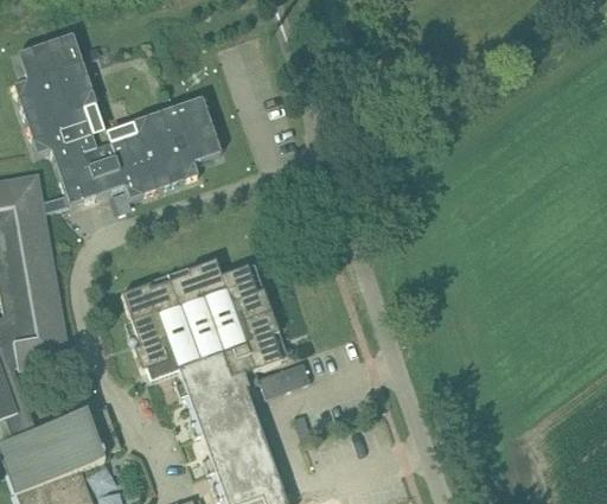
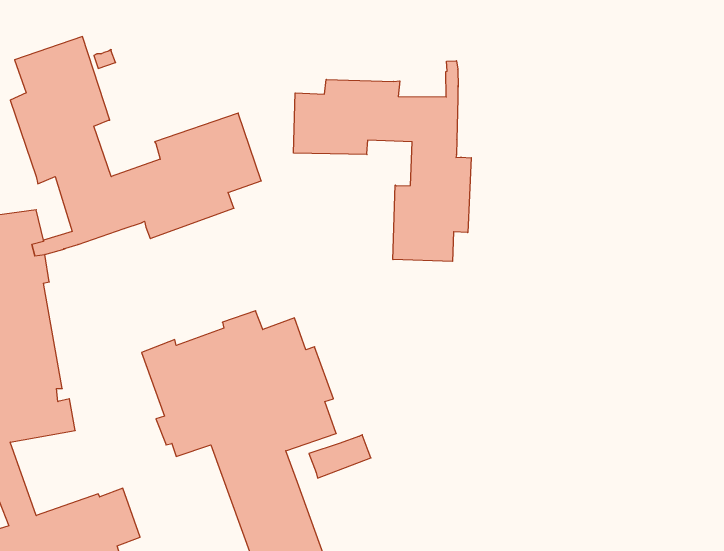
building: none -> [294,61,471,261]

